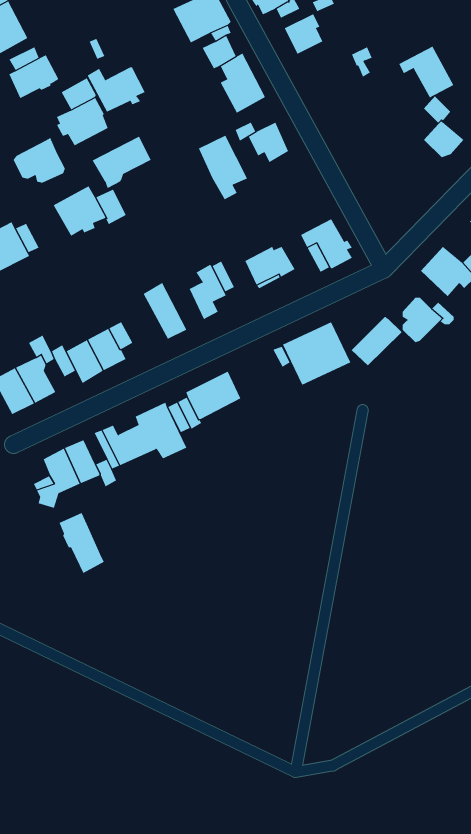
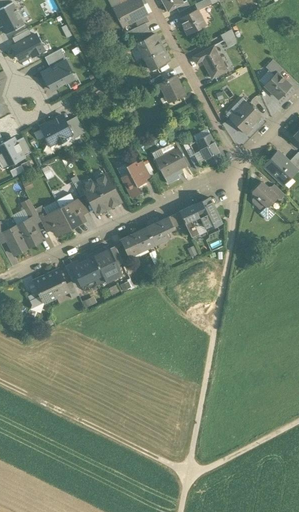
building: [398,46,454,98] -> [193,46,227,78]
building: [87,67,146,113] -> none
building: [198,135,248,200] -> none
building: [92,136,152,189] -> none
building: [13,137,66,184] -> none
building: none -> [230,101,260,134]
building: none -> [82,180,109,214]
building: [351,316,402,366] -> none
building: none -> [146,216,174,244]
building: [59,512,105,574] -> none

